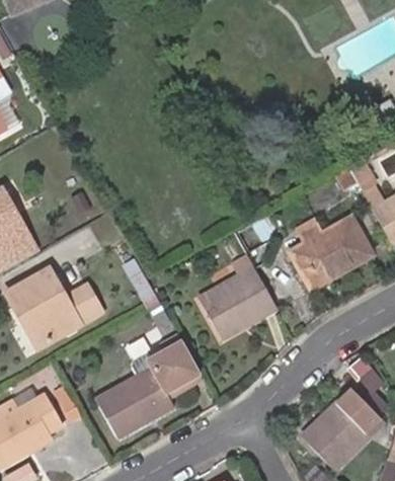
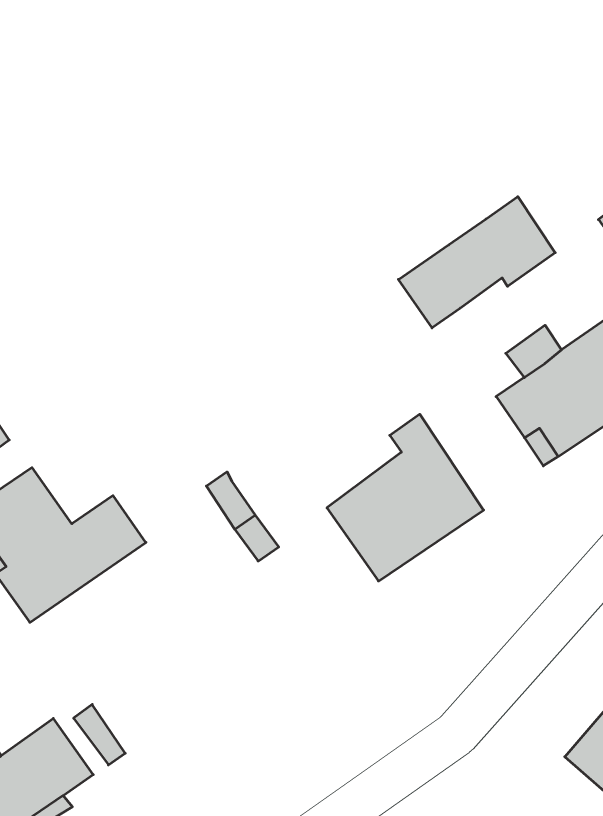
building: none -> [398,197,555,328]
building: [96,342,199,436] -> none

